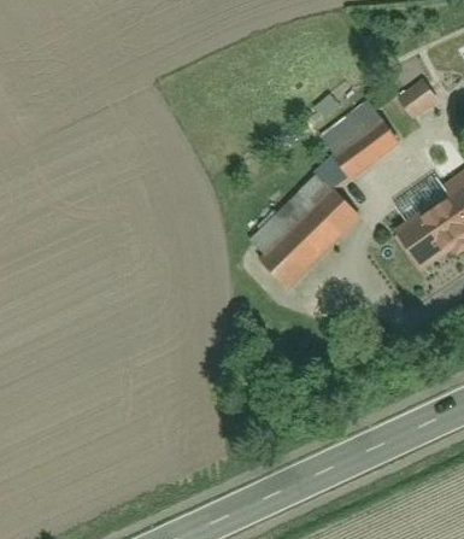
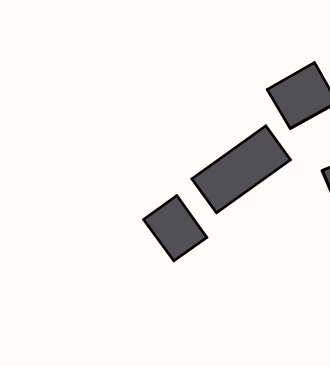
building: none -> [144,195,207,261]

